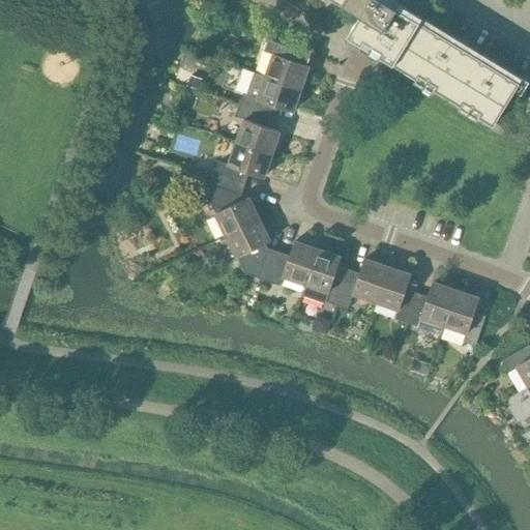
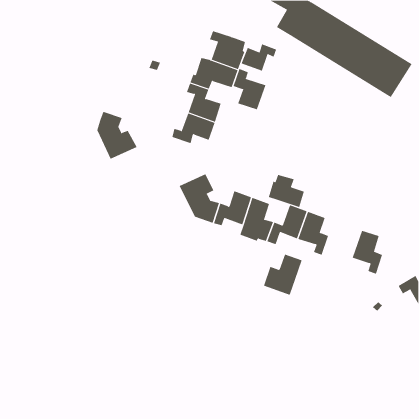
building: none -> [241,43,277,71]
building: none -> [233,68,266,110]
building: [208,174,260,235] -> [96,111,137,160]
building: none -> [268,174,304,208]
building: [407,283,457,335] -> [263,254,303,296]

